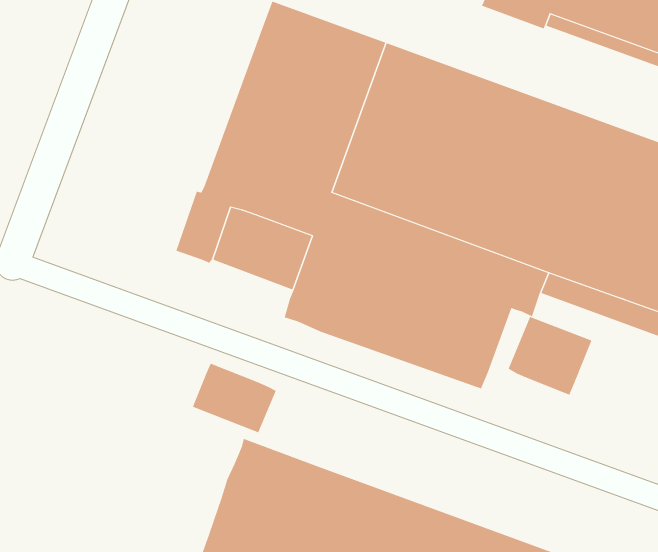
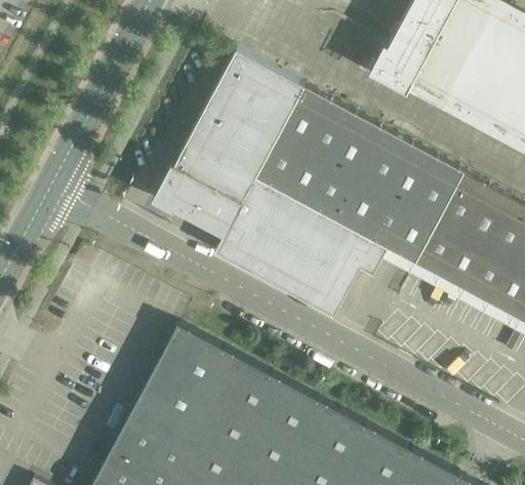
building: [508,316,592,396] -> none
building: [192,363,276,433] -> none

